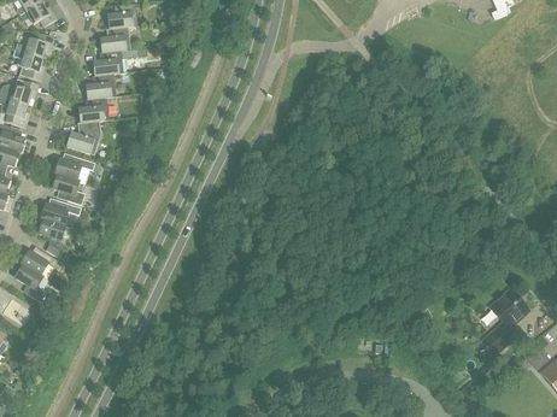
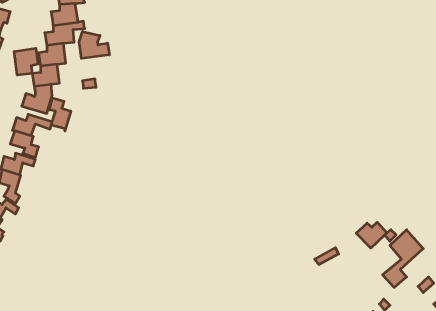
building: none -> [79,31,109,58]
building: none -> [14,48,38,75]
building: none -> [49,98,71,131]
building: none -> [356,222,387,248]

